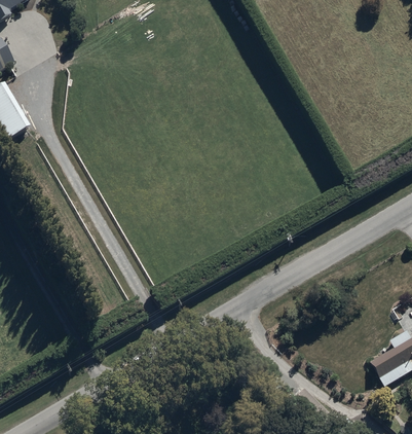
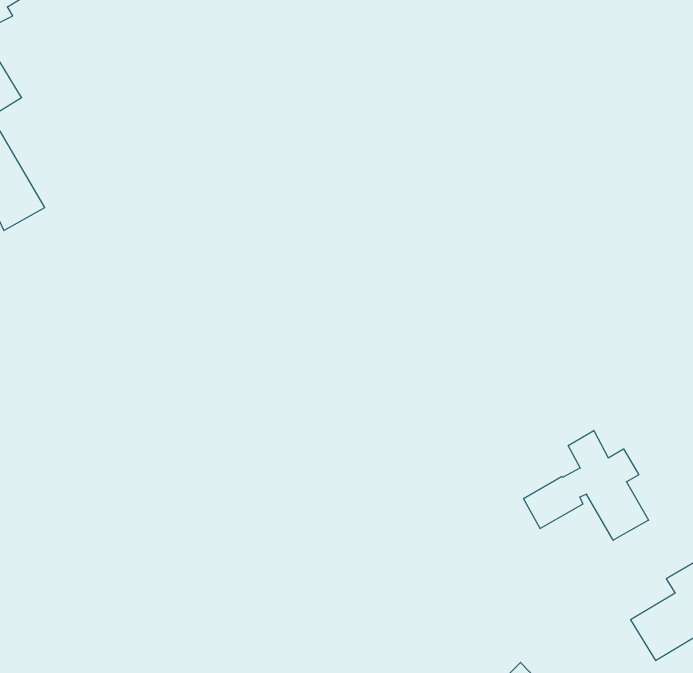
building: none -> [524,430,649,540]

